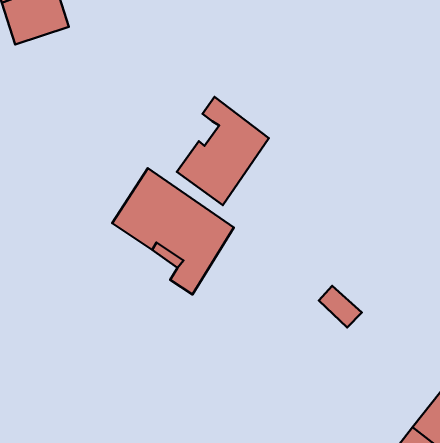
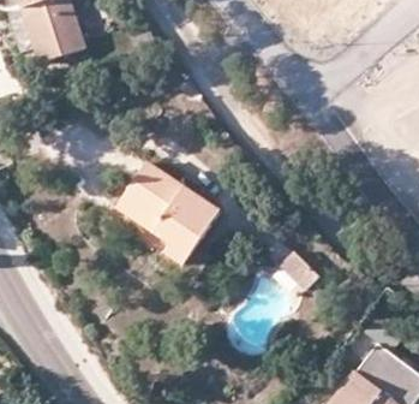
building: [177,97,269,205] -> none

